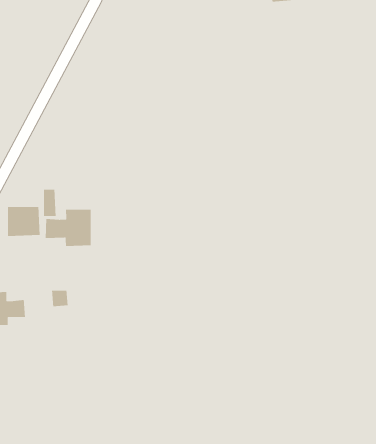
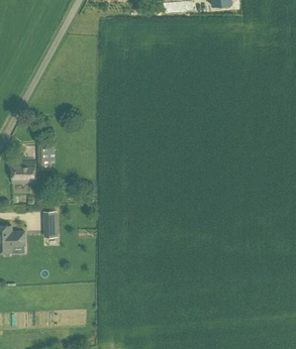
building: [45,209,92,247] -> none

